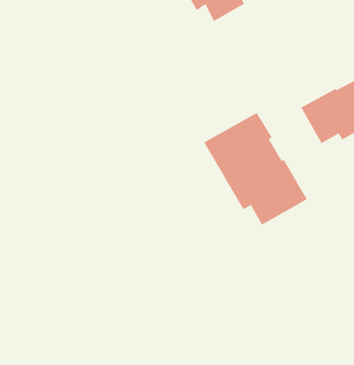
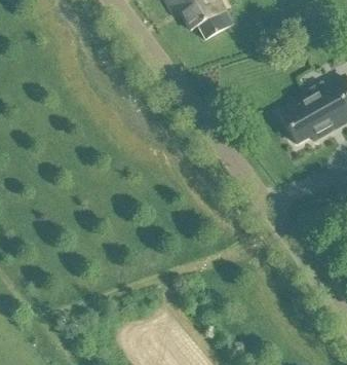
building: [203,112,307,225] -> none

